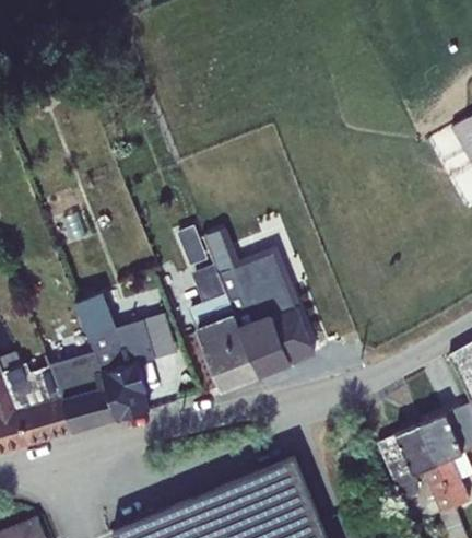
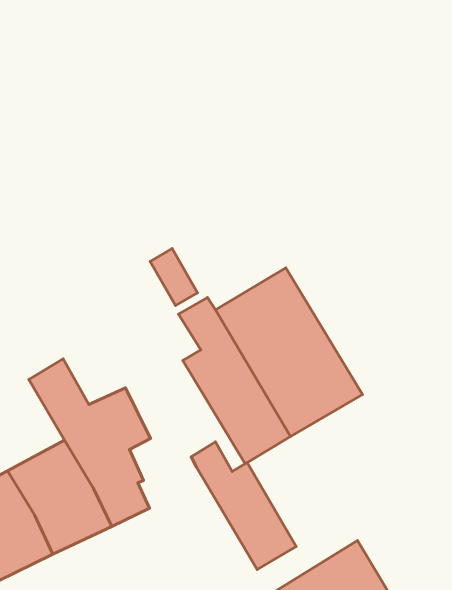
building: [202,226,299,306] -> none
building: [143,312,177,359] -> none
building: none -> [191,442,296,570]

